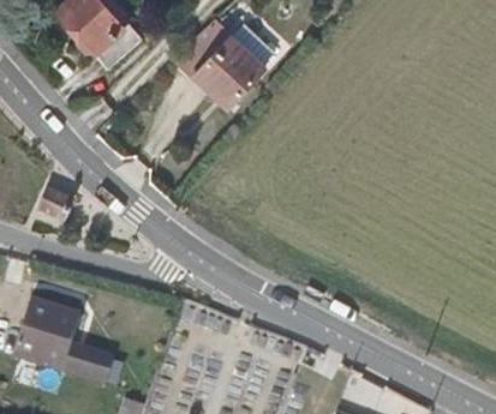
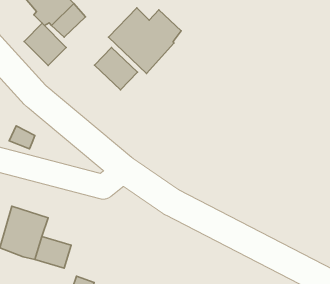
building: none -> [24,23,66,66]
building: none -> [95,47,137,90]

